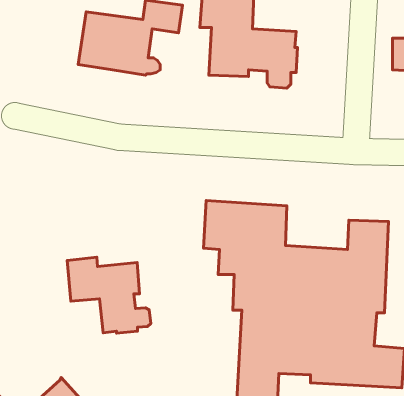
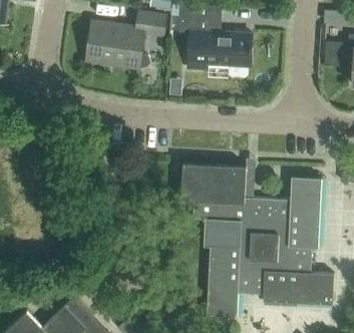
building: [67,257,151,333] -> none

